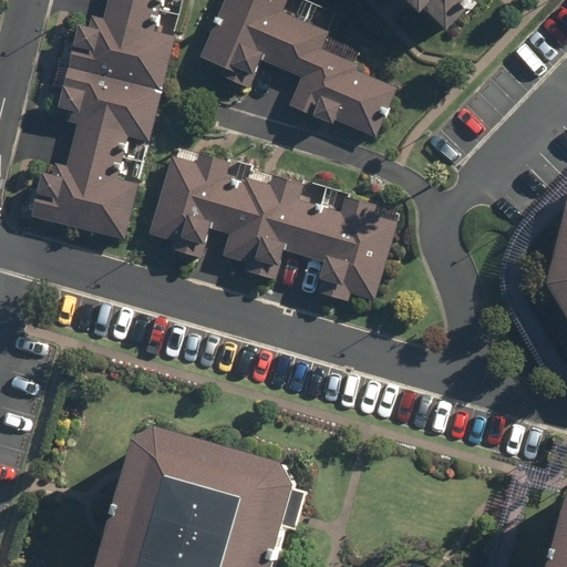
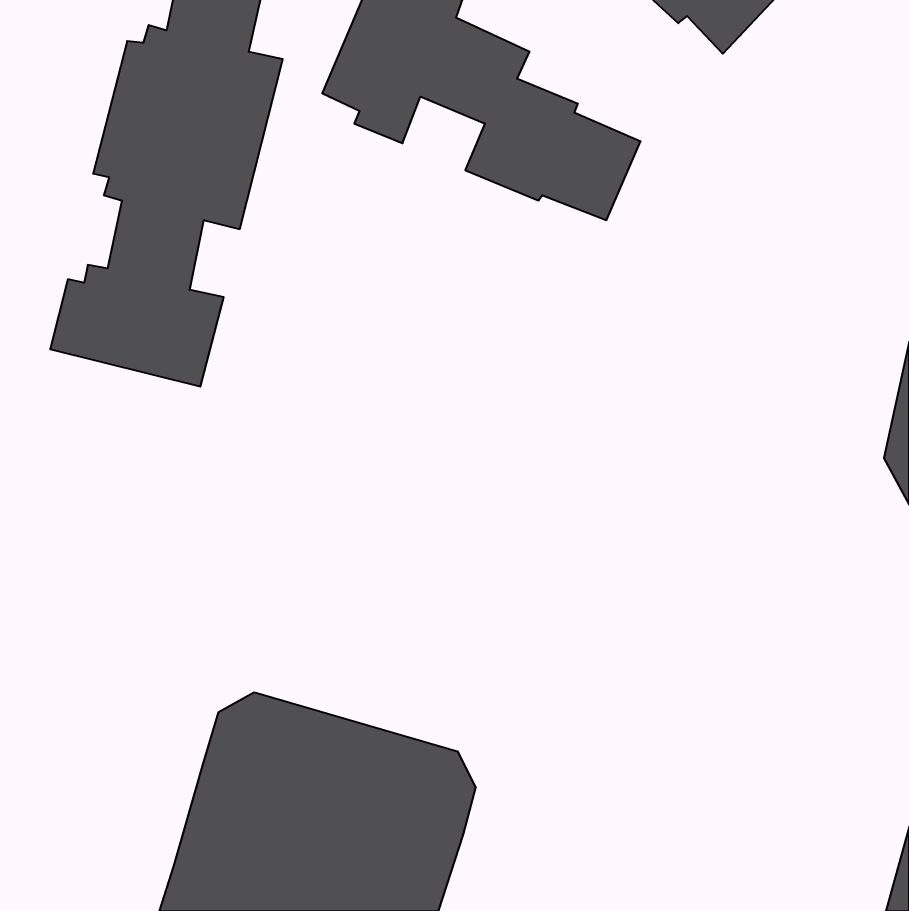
building: [148,153,396,300] -> none

